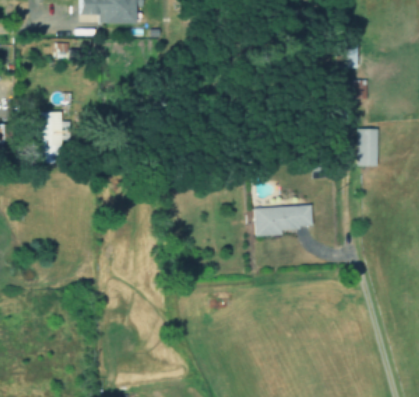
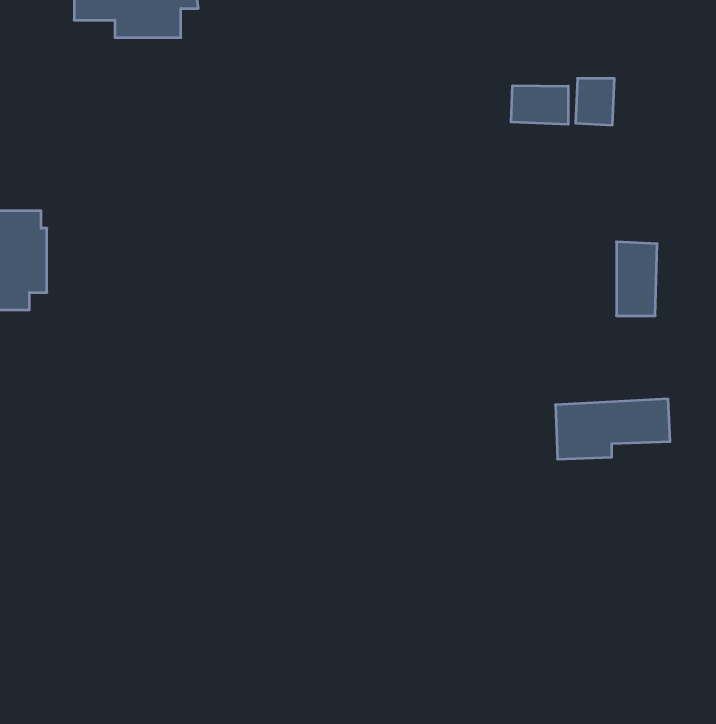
building: none -> [511,86,568,124]
building: [253,205,312,236] -> [555,399,670,459]

